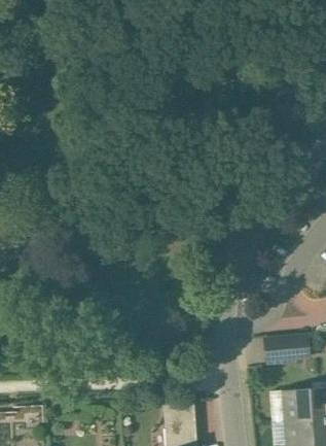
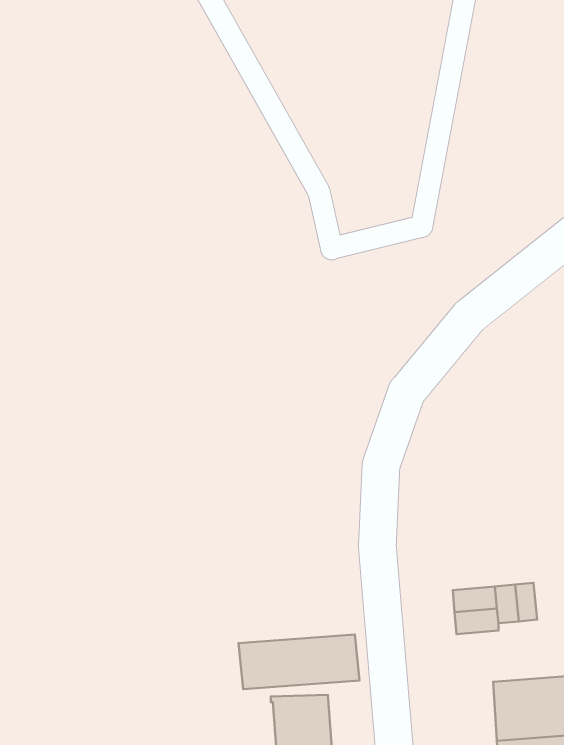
building: none -> [239,635,359,689]

